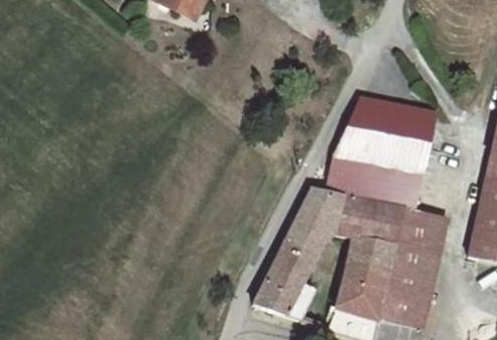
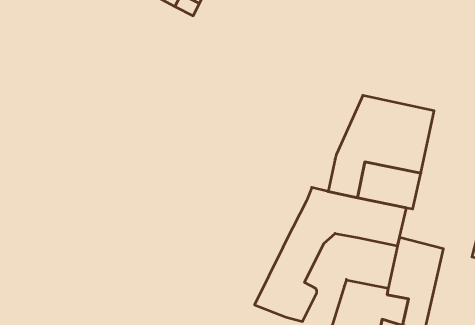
building: [397,207,446,247] -> none
building: [345,236,395,286] -> none

